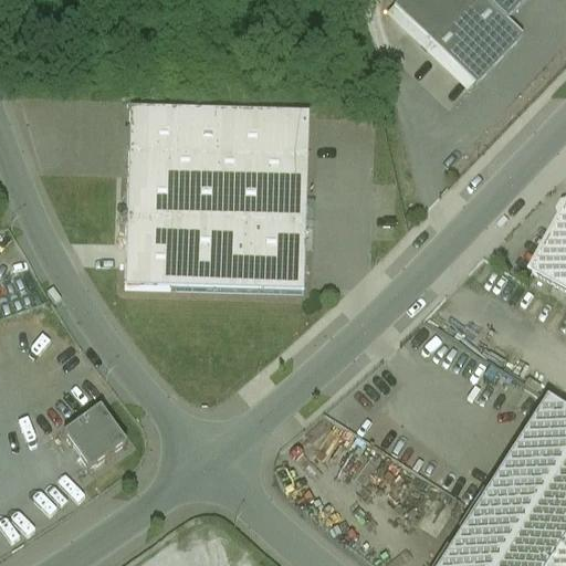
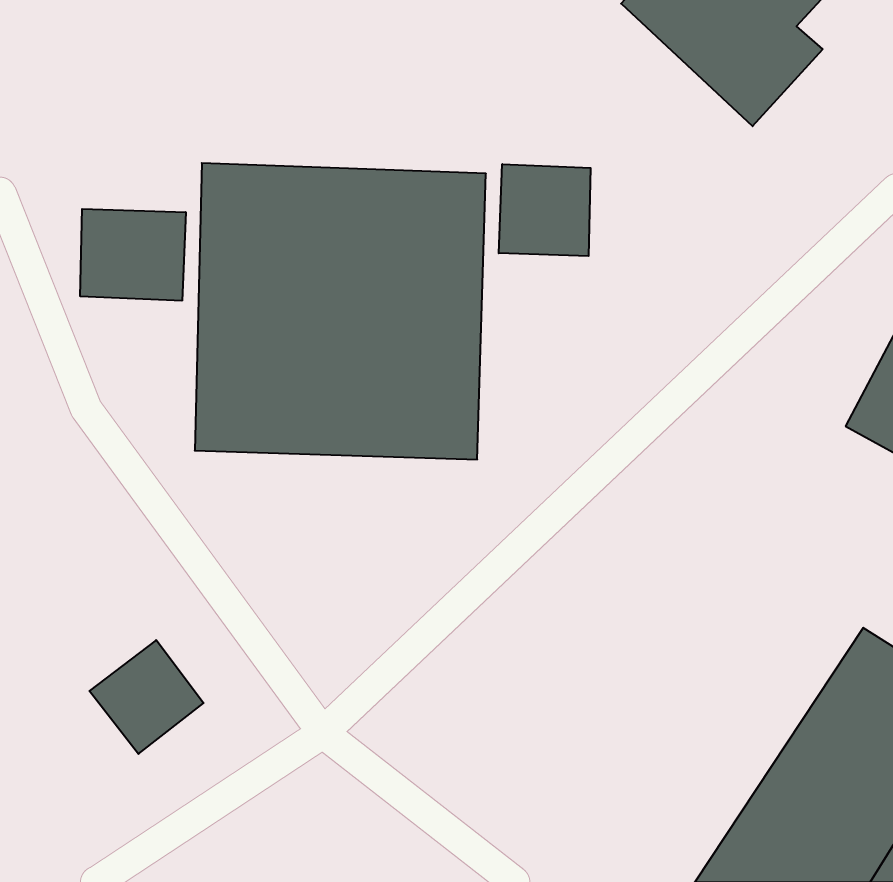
building: none -> [499,164,591,256]
building: none -> [80,209,186,301]

